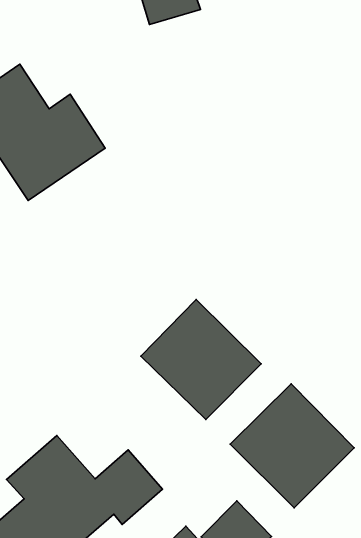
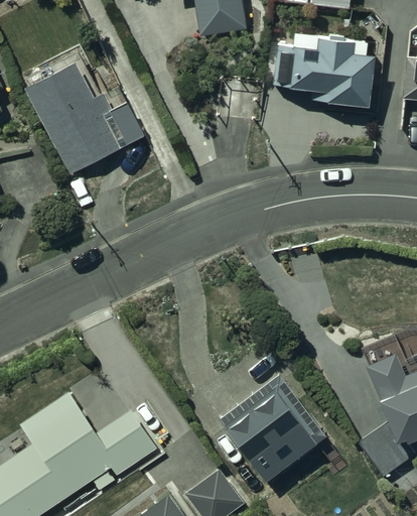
building: none -> [272,42,374,108]
building: [141,299,261,420] -> none

